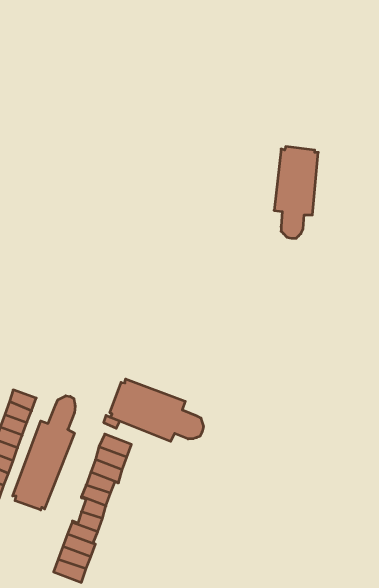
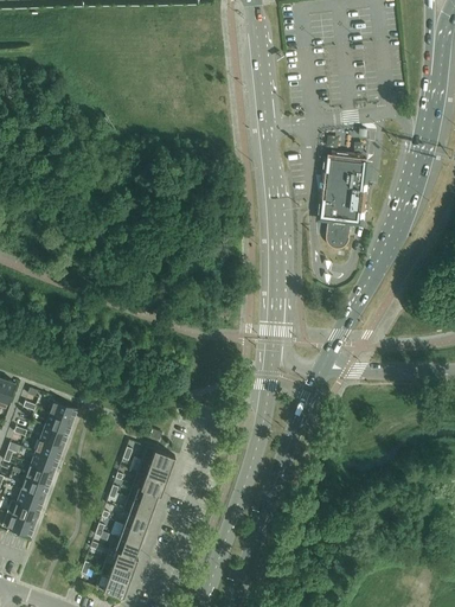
building: [110,379,203,441] -> none
building: [13,396,75,510] -> none

